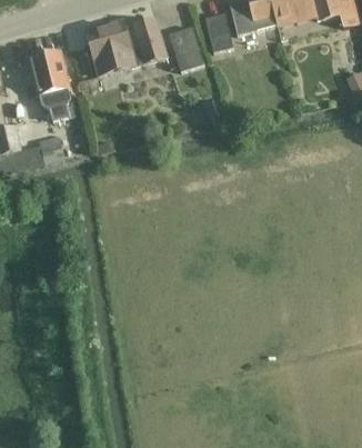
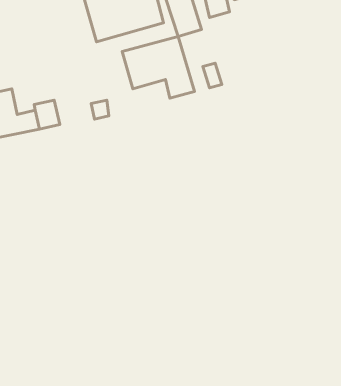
building: [31,51,70,110] -> none
building: none -> [122,36,194,98]

